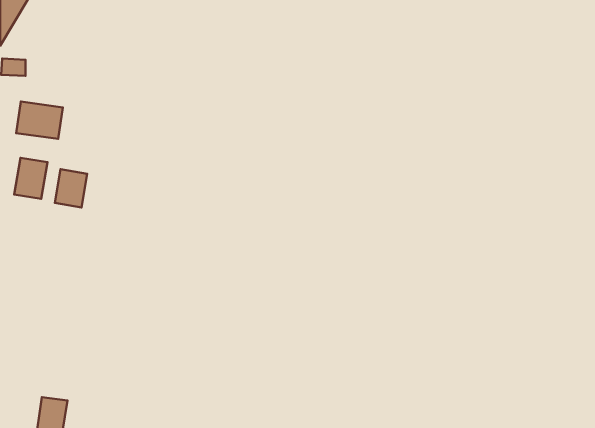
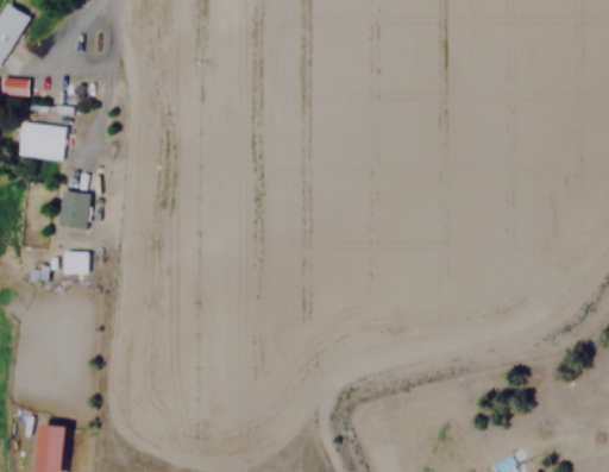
building: [14,158,47,199] -> none
building: none -> [62,252,86,273]

